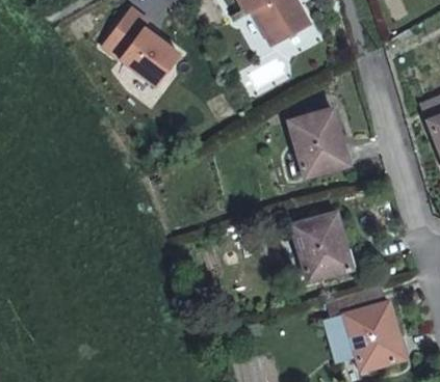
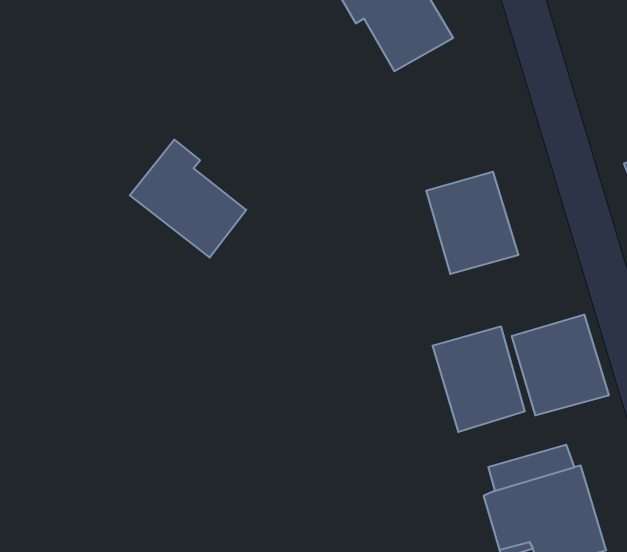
building: [101,8,177,85] -> [130,140,246,258]
building: none -> [512,314,609,415]

